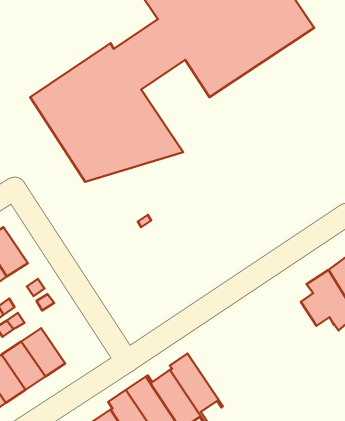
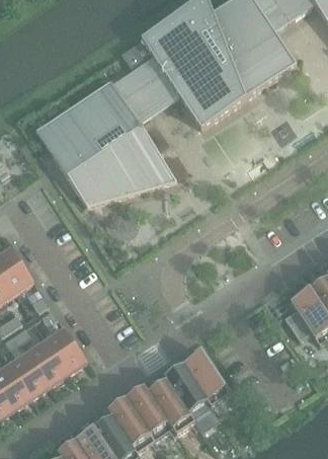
building: none -> [46,327,86,373]
building: none -> [180,351,234,412]

